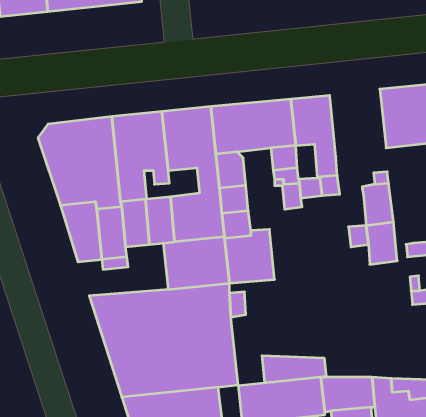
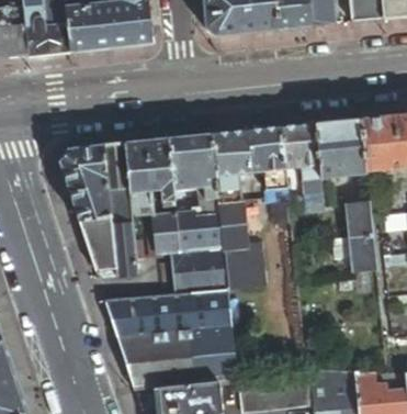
building: none -> [316,119,365,178]
building: [262,356,326,383] -> none

